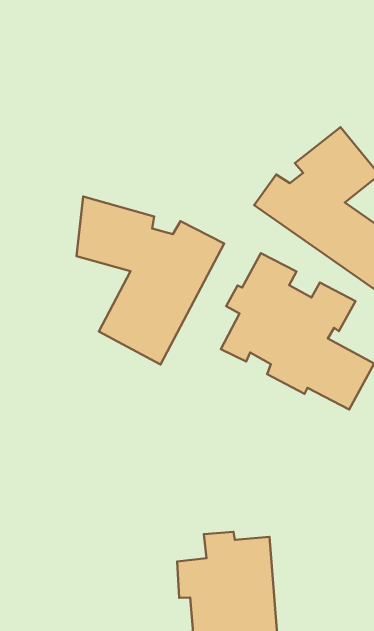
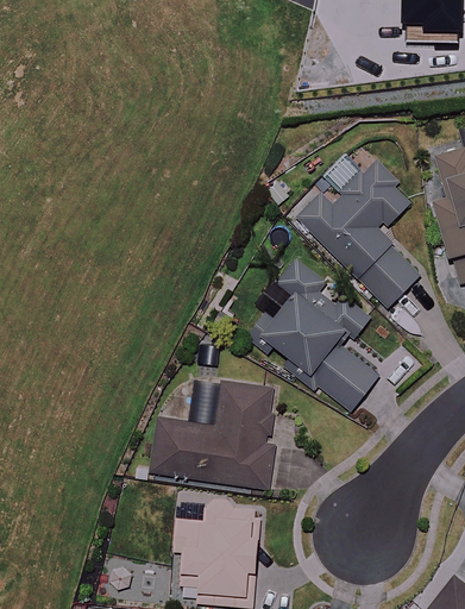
building: [76,197,224,364] -> none
building: none -> [150,378,275,486]

